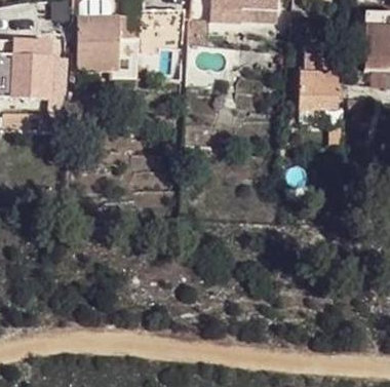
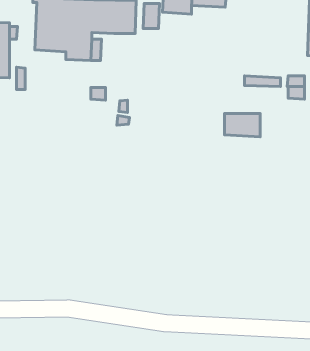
building: [299,71,337,95] -> [224,114,260,137]

